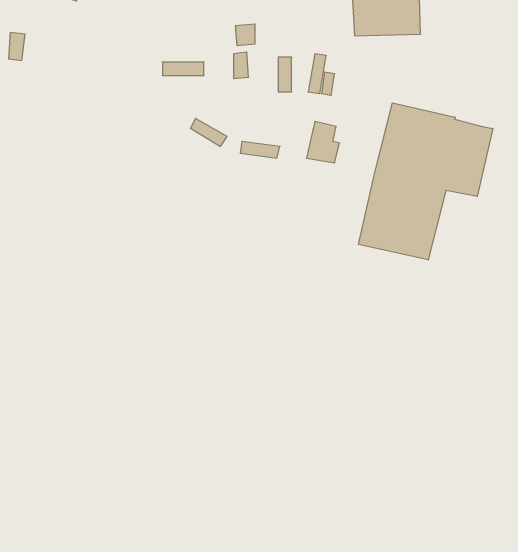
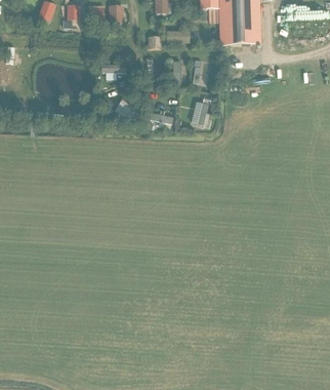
building: [359,103,493,260] -> none

